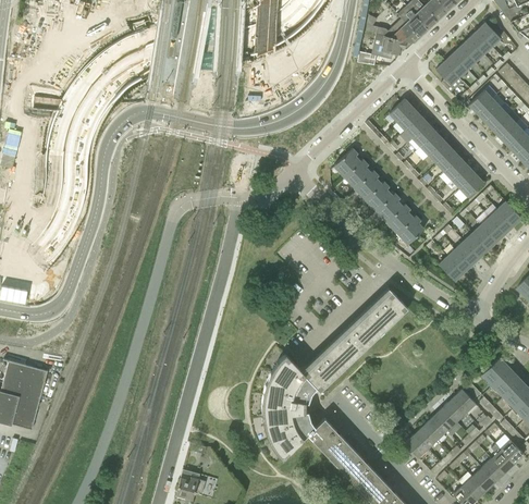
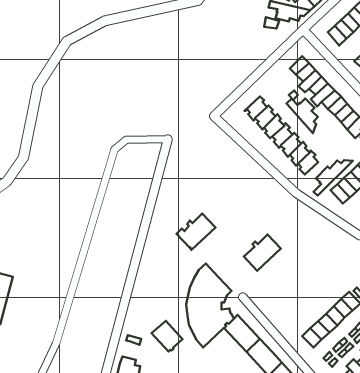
building: none -> [287,98,318,133]
building: none -> [313,160,353,196]
building: [362,291,408,335] -> none
building: [302,345,349,390] -> [177,214,216,250]
building: none -> [152,321,183,351]

